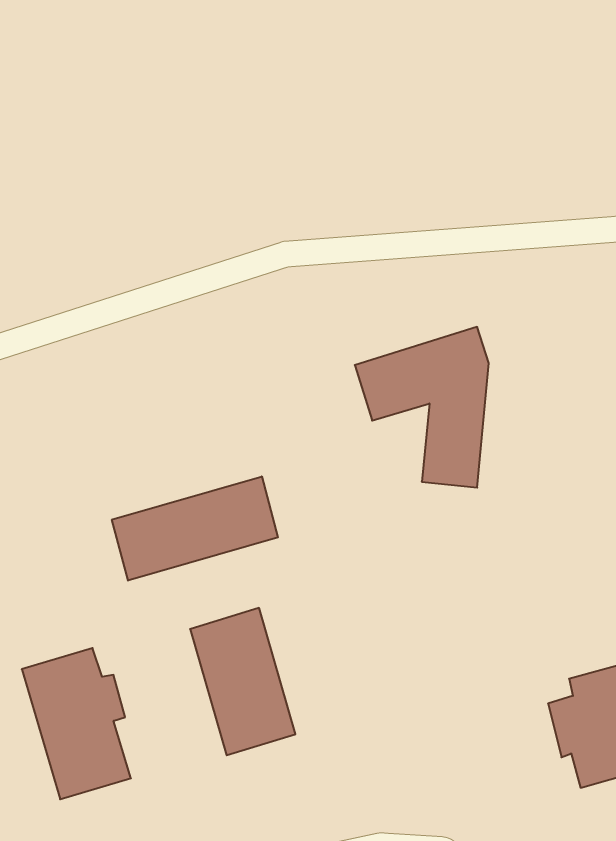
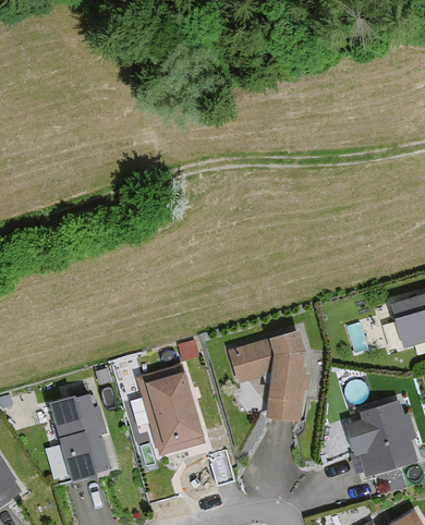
building: [355,327,489,488] -> [228,330,304,422]
building: [112,476,278,581] -> none

